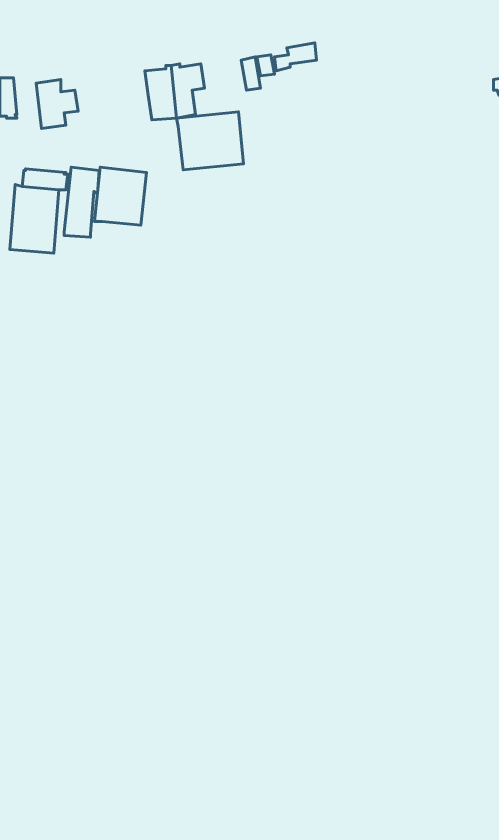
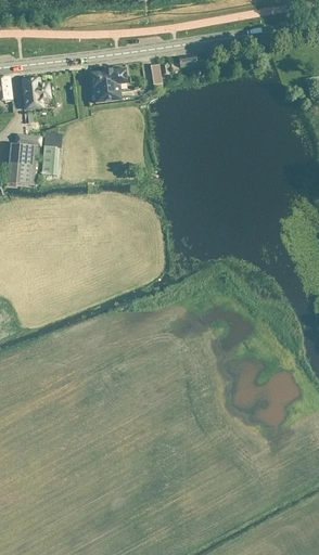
building: [176,112,243,170] -> none
building: [94,167,147,225] -> none

